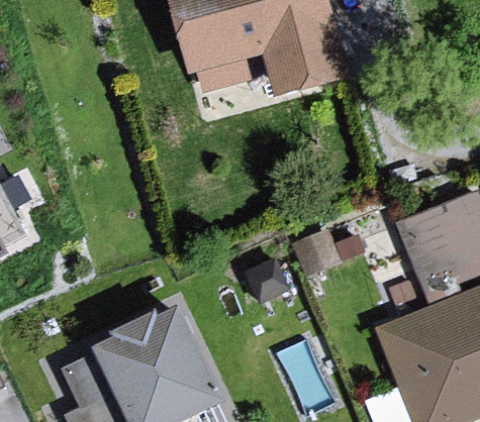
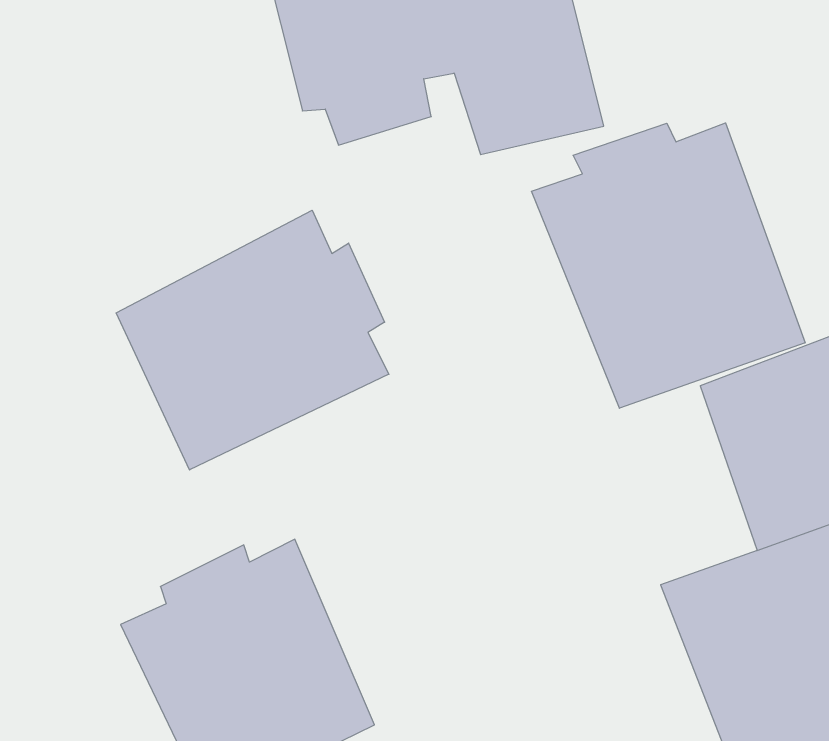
building: none -> [531,123,805,408]
building: none -> [116,210,389,470]

